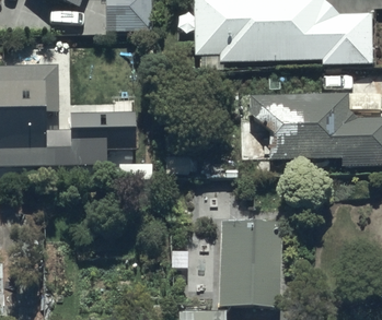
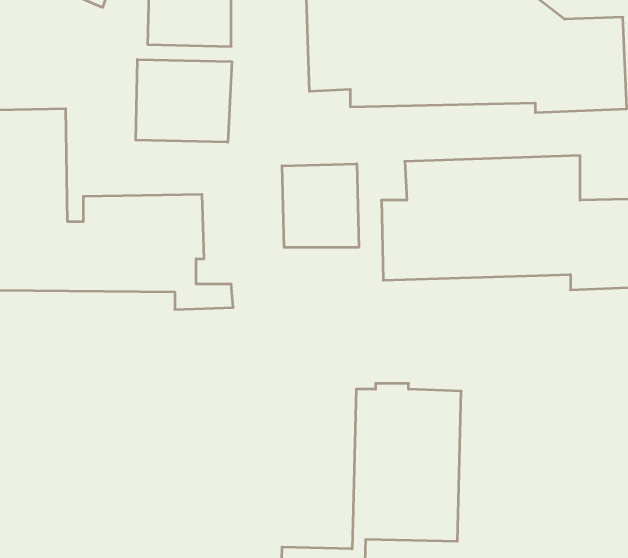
building: none -> [136,59,232,142]
building: none -> [282,164,359,247]

